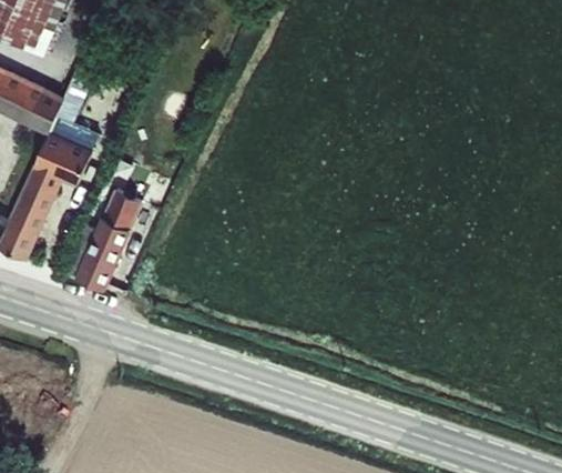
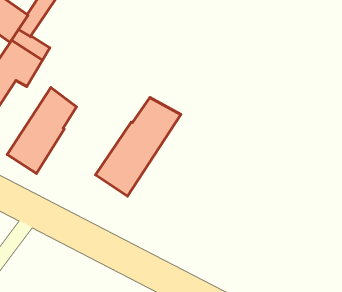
building: none -> [96,97,181,196]

